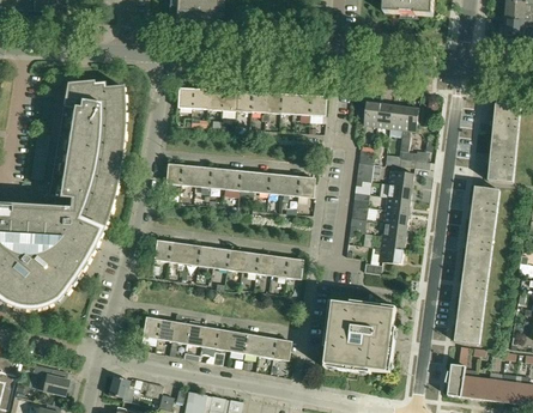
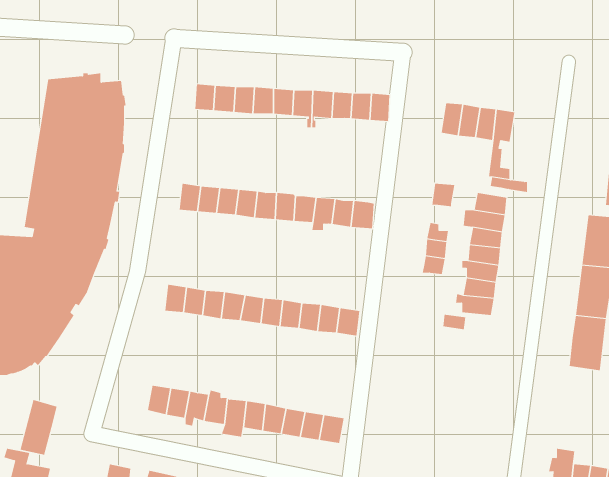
building: [323,300,395,373] -> none
building: [454,302,484,344] -> none
building: none -> [20,399,57,456]

